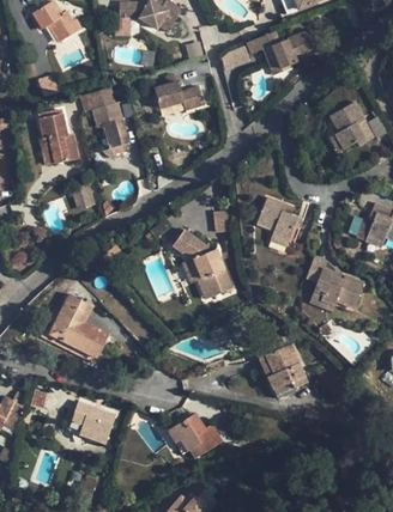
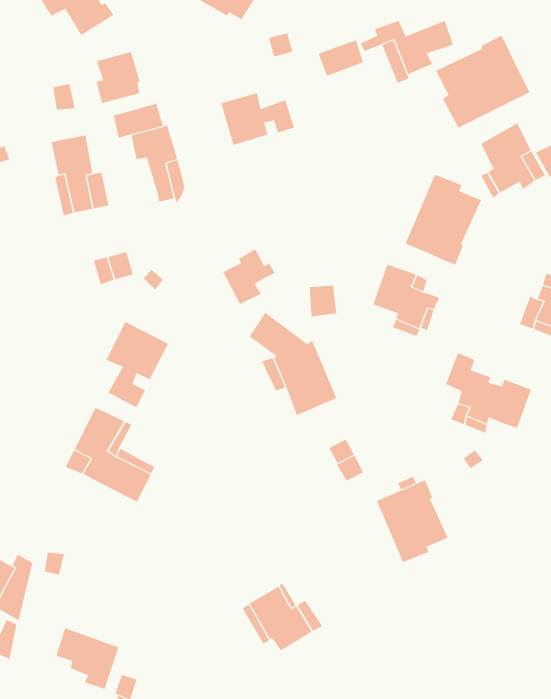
building: none -> [435,35,530,129]
building: none -> [96,51,141,104]
building: none -> [405,174,482,265]
building: none -> [223,248,276,305]
building: none -> [106,321,169,408]
building: [72,401,115,443] -> [56,628,119,690]

